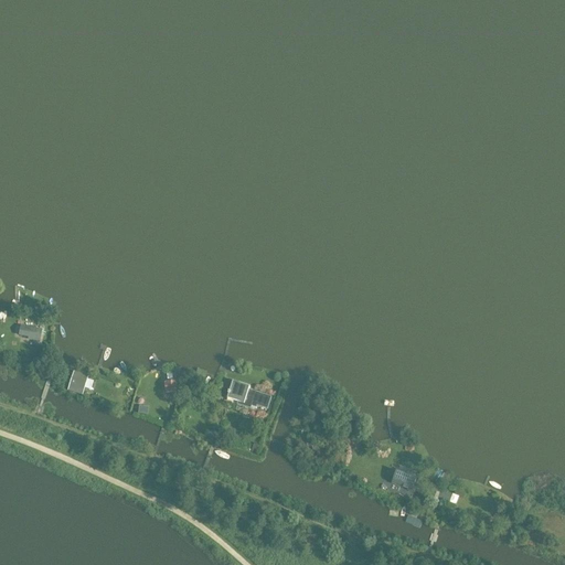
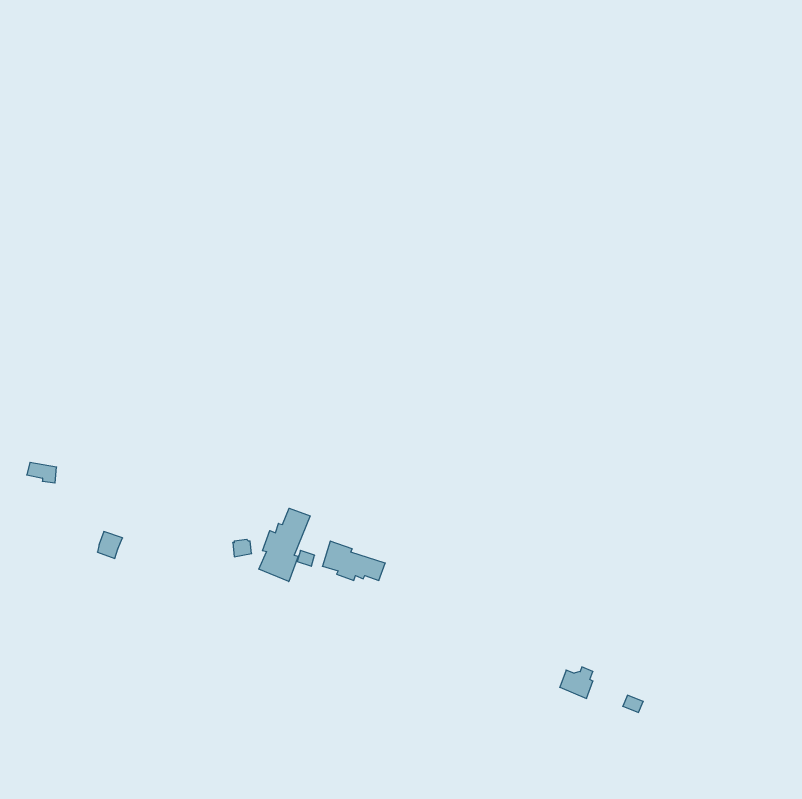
building: none -> [259,508,310,582]

